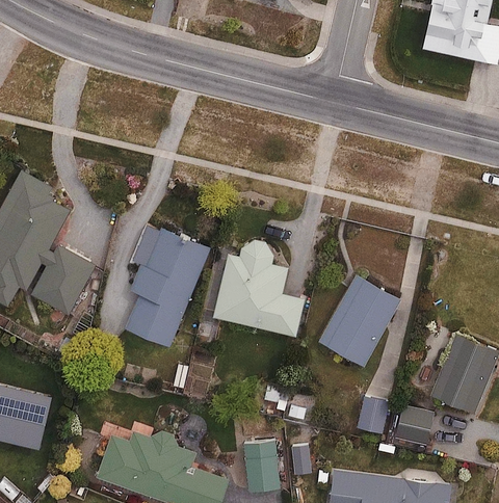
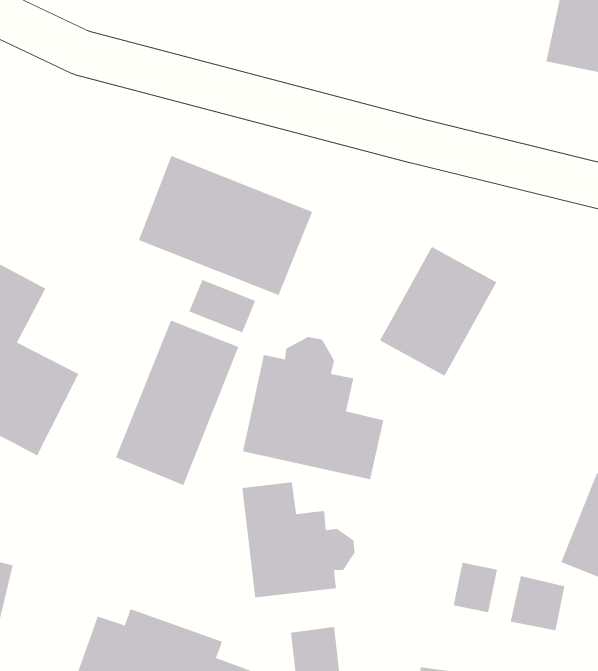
building: none -> [138,155,313,296]
building: none -> [189,279,256,333]
building: [319,274,401,365] -> [379,246,497,376]
building: none -> [242,481,355,598]

